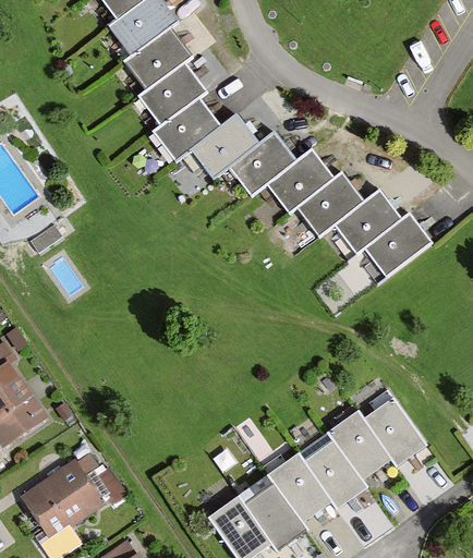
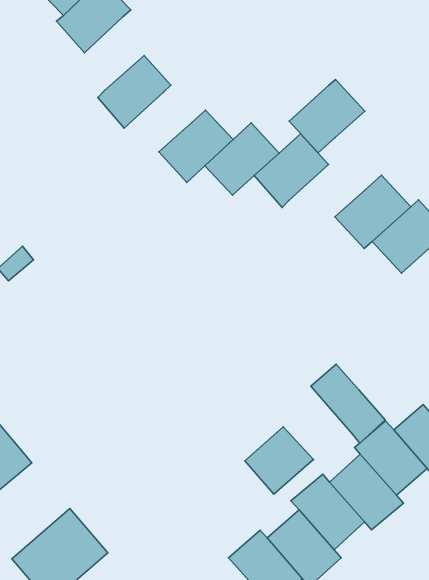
building: [122,28,190,92] -> none
building: [151,98,218,160] -> none
building: [296,172,364,235] -> [289,79,365,153]
building: none -> [311,364,385,443]
building: none -> [245,427,313,494]

